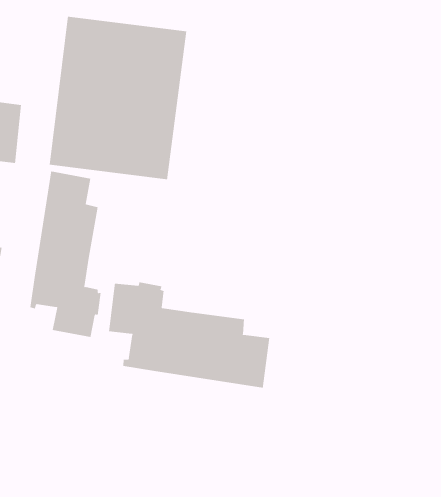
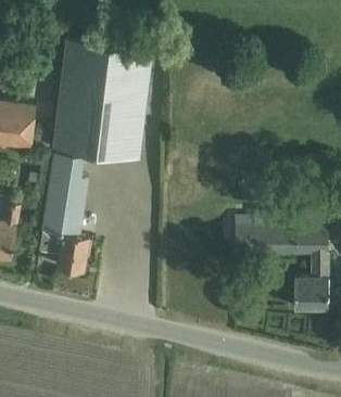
building: none -> [233,214,327,310]
building: [108,282,270,389] -> none

